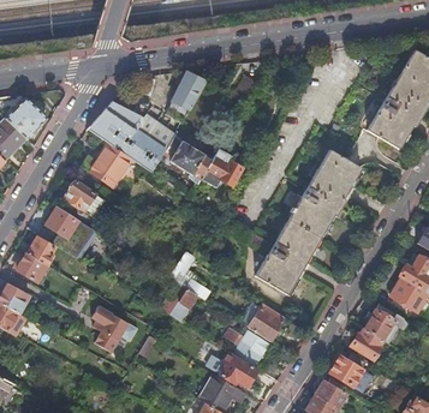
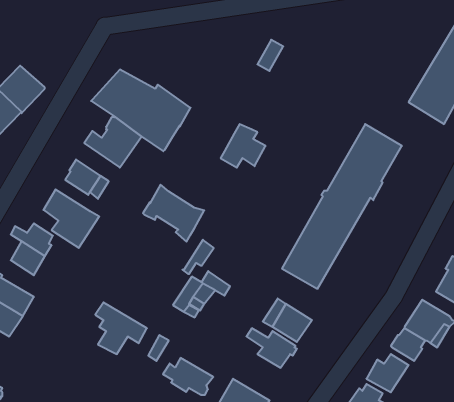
building: [167,74,204,121] -> none
building: [160,134,214,185] -> [143,185,204,242]
building: [213,353,257,385] -> [163,358,213,395]

